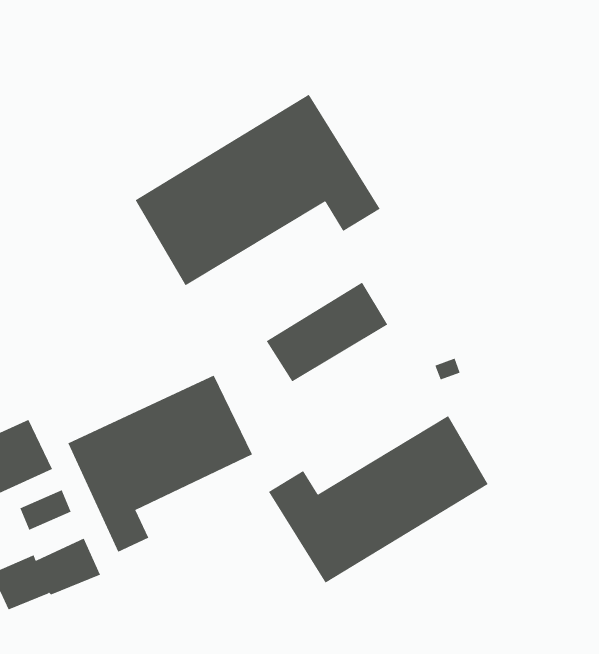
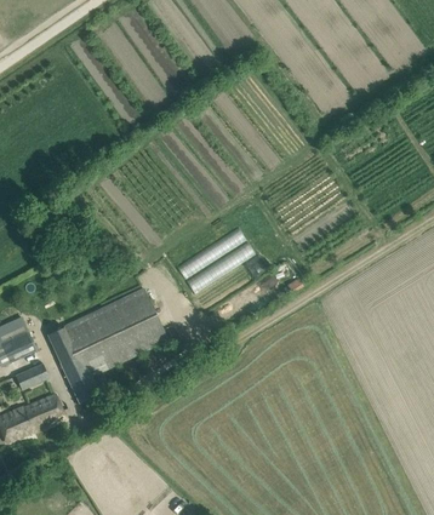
building: [135,94,381,286] -> none
building: [268,415,488,583] -> none

